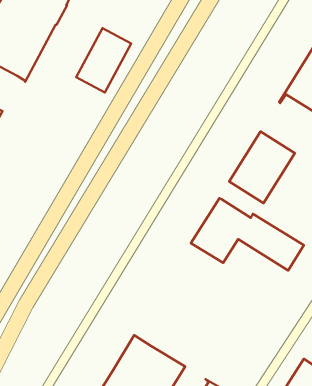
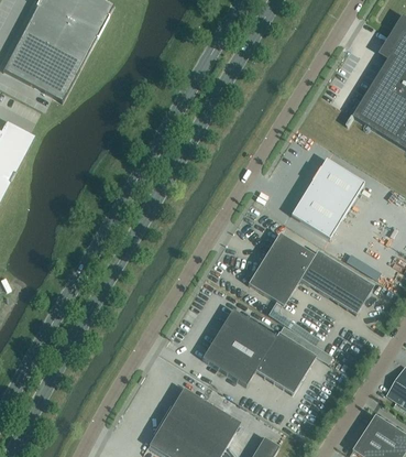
building: [76,28,131,93] -> none
building: none -> [201,308,332,393]

